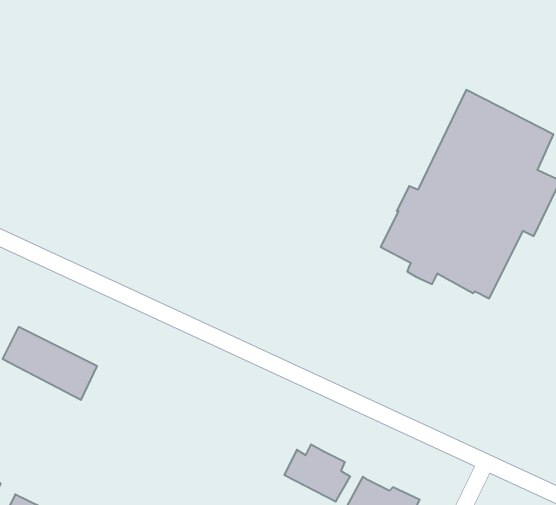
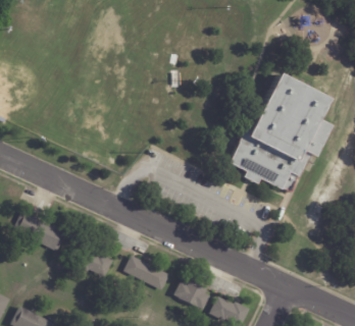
building: none -> [72,247,113,276]
building: none -> [122,255,169,290]

